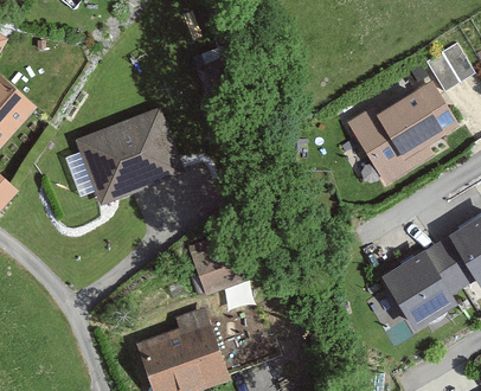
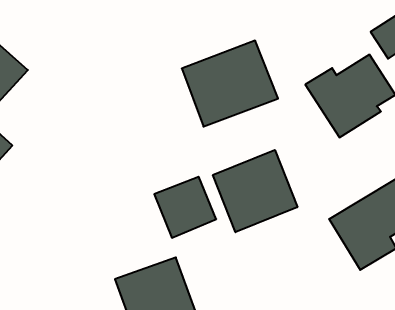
building: [81,105,191,204] -> [182,41,278,127]
building: none -> [213,150,297,232]

